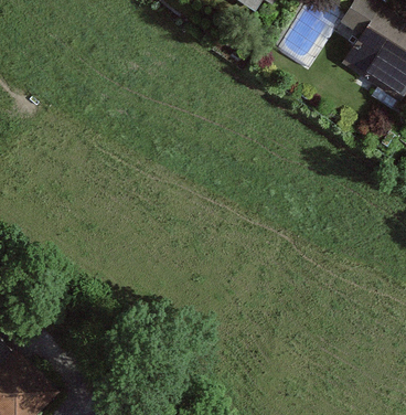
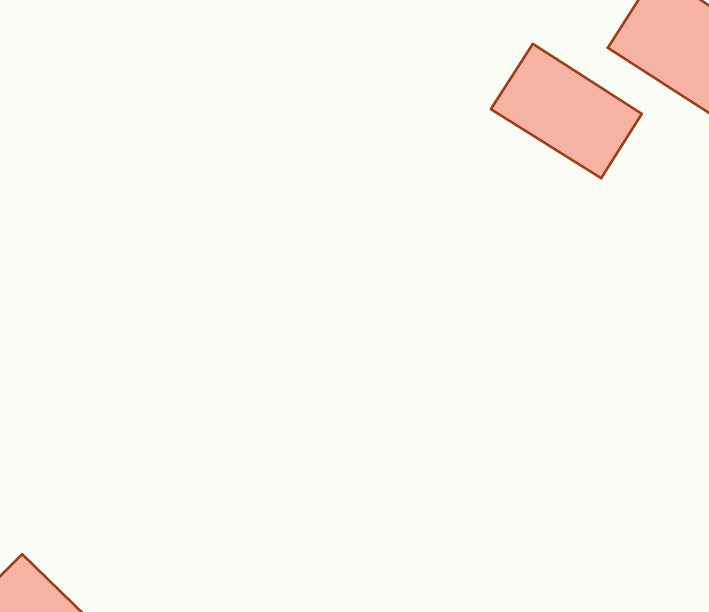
building: none -> [491,44,642,178]

